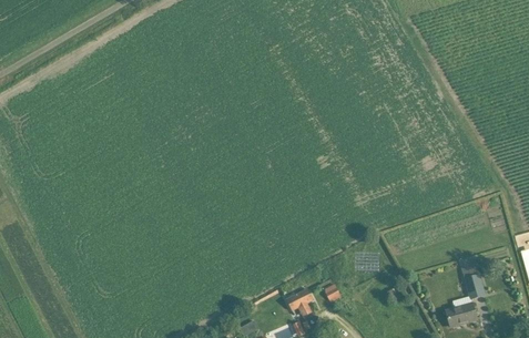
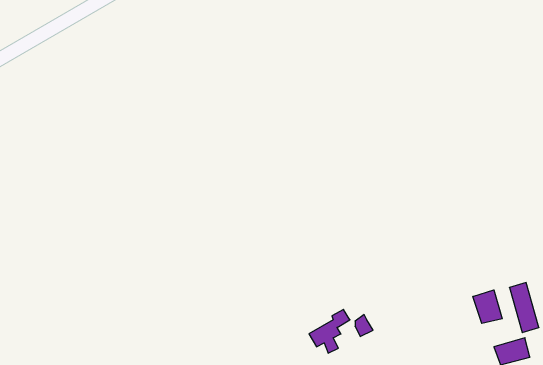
building: none -> [473,290,502,323]

